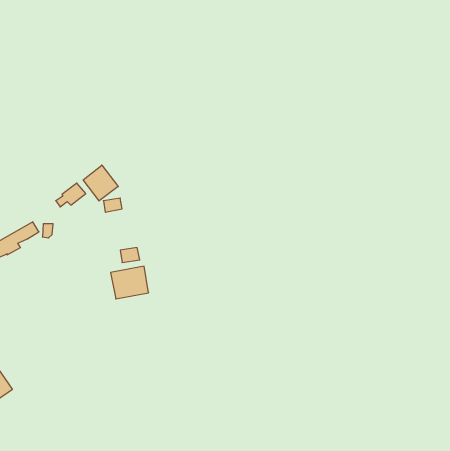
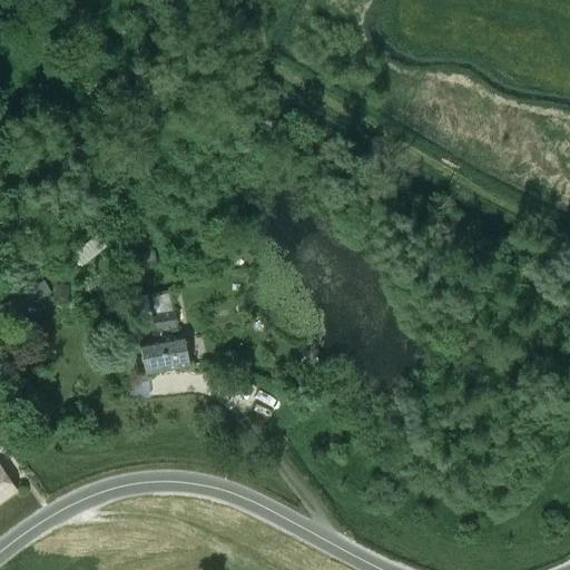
building: [83,165,118,201] -> none

